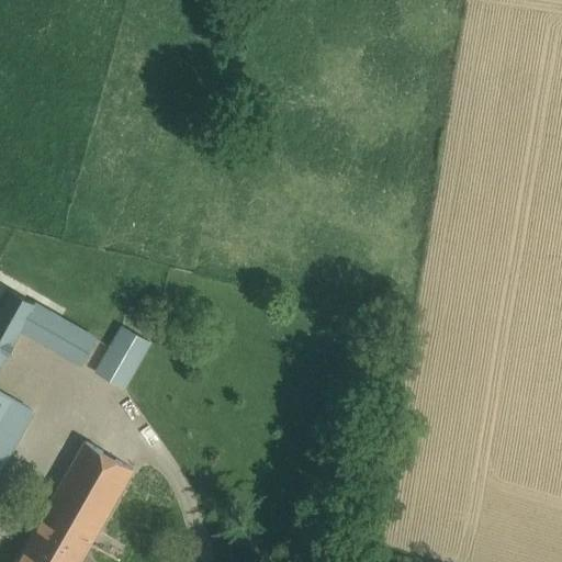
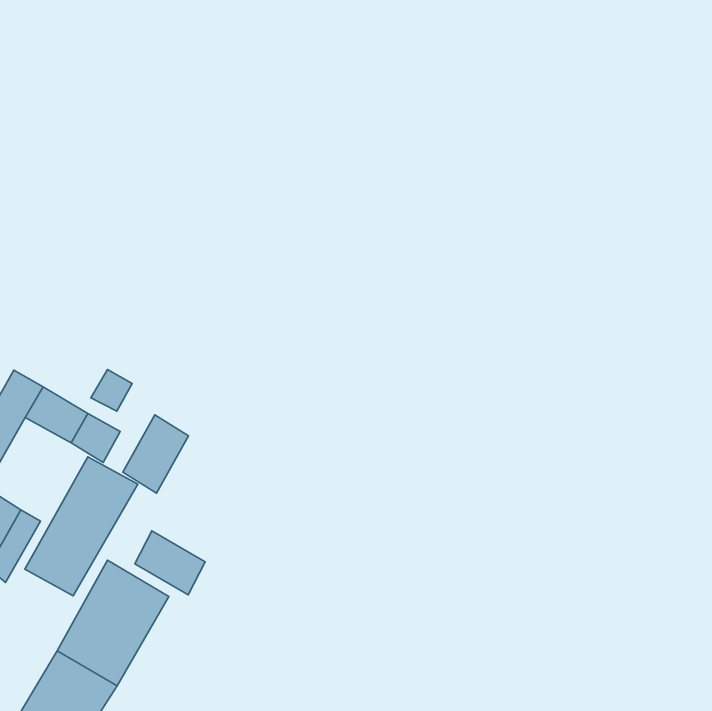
building: none -> [91,369,132,411]
building: none -> [25,457,138,596]
building: none -> [135,531,205,595]

